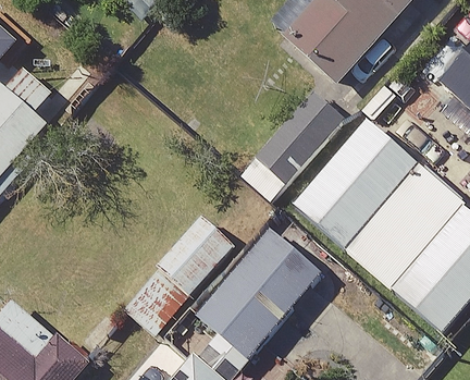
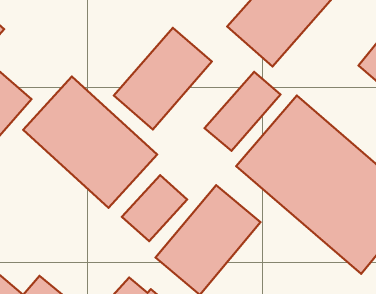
building: none -> [114,28,212,129]
building: none -> [23,77,157,208]

